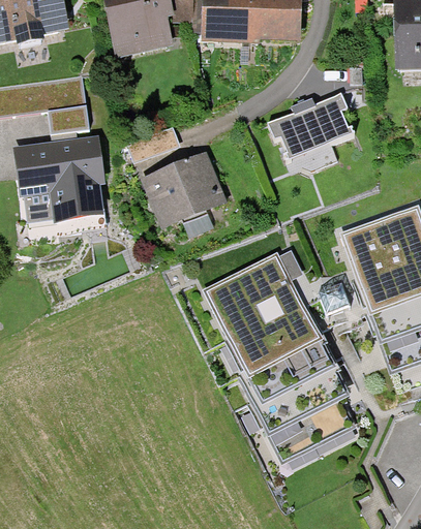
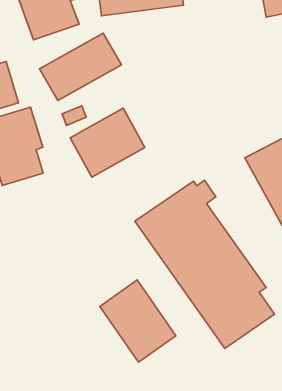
building: none -> [40,33,122,100]
building: [267,90,349,157] -> none
building: none -> [100,280,176,362]

